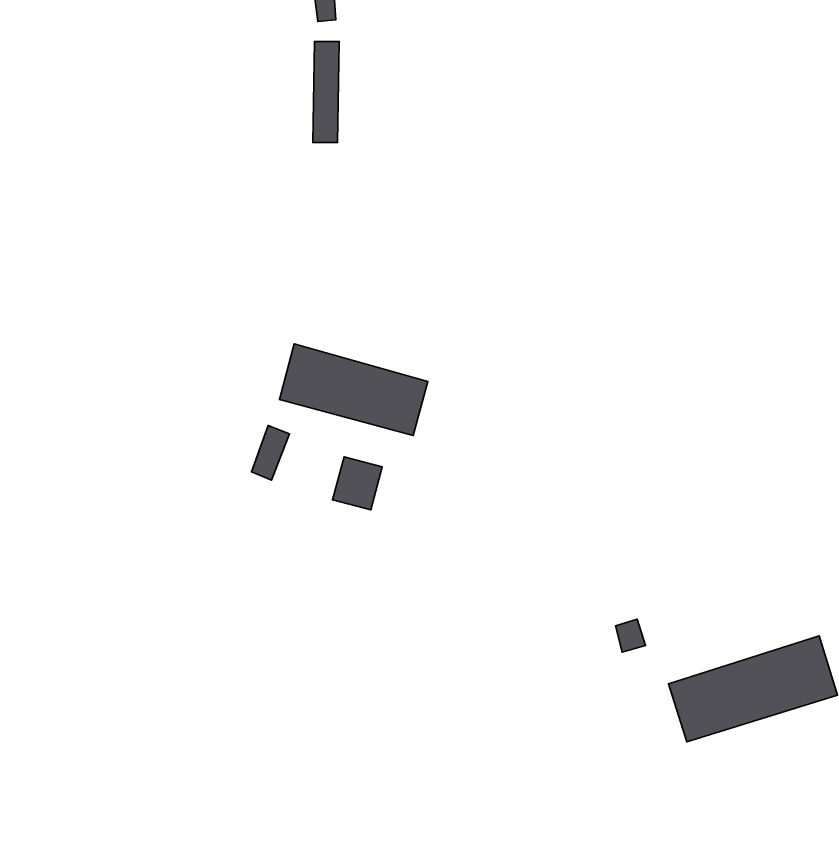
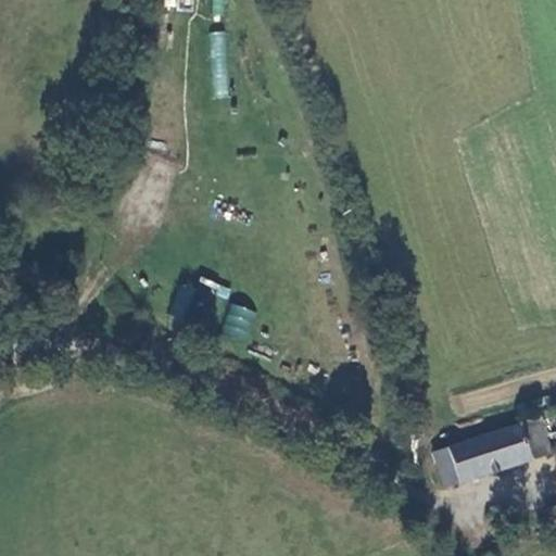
building: [279,344,428,435] -> none

